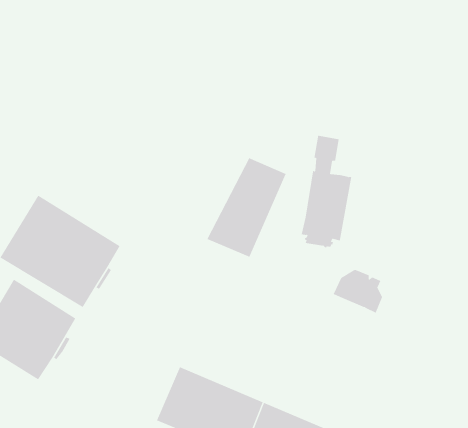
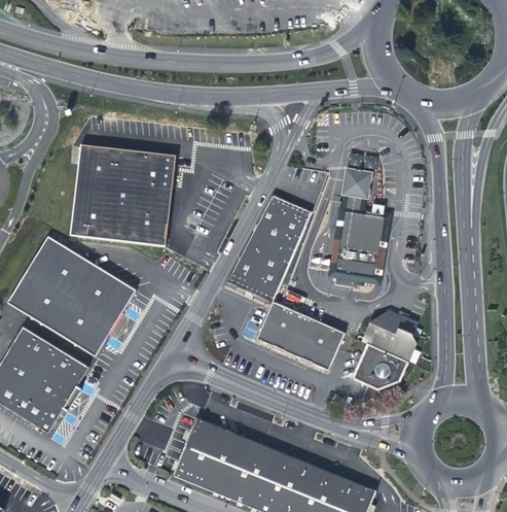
building: none -> [70,142,175,244]
building: none -> [259,301,346,368]
building: none -> [356,343,408,387]

